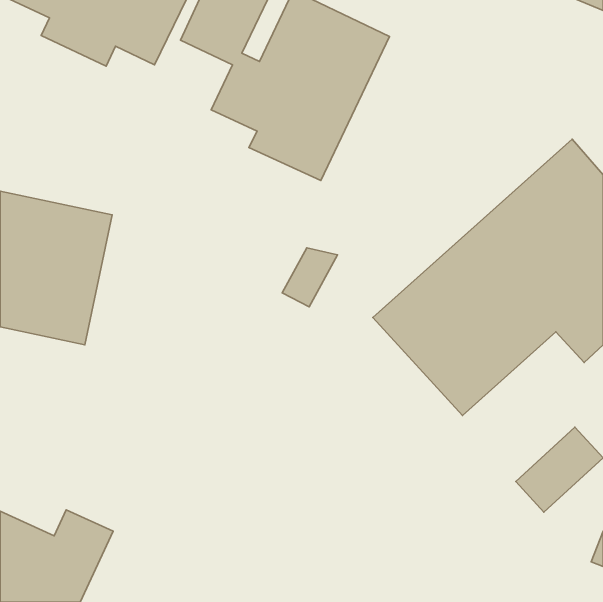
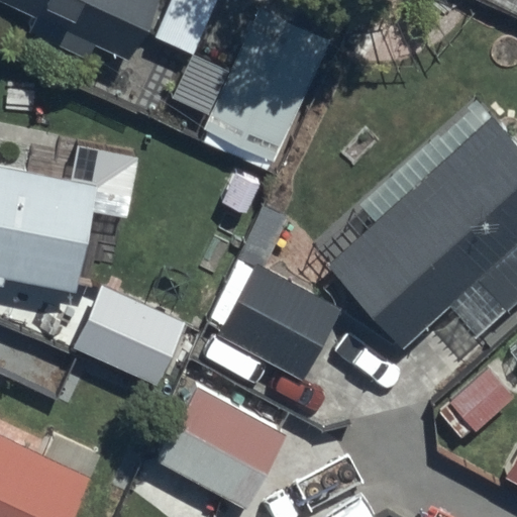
building: none -> [210,262,342,391]
building: none -> [77,289,186,384]
building: none -> [151,382,286,508]

